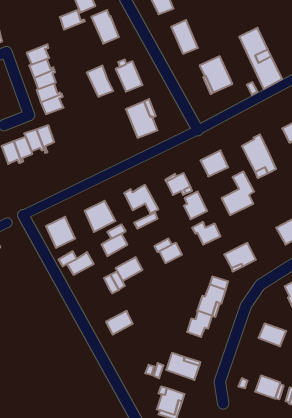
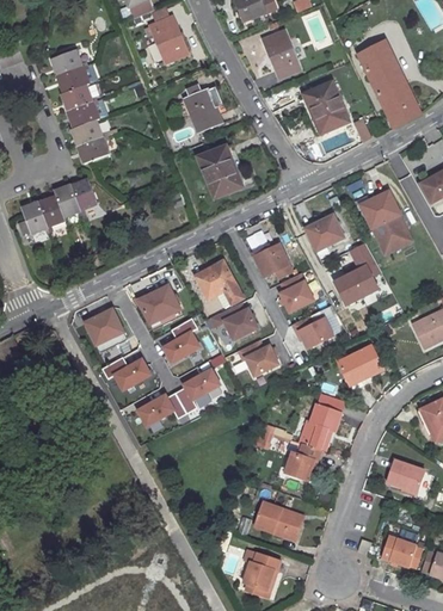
building: [60,10,85,30] -> [50,49,86,76]
building: [87,65,113,97] -> none
building: none -> [223,309,256,339]
building: [106,311,133,335] -> [135,393,173,426]

